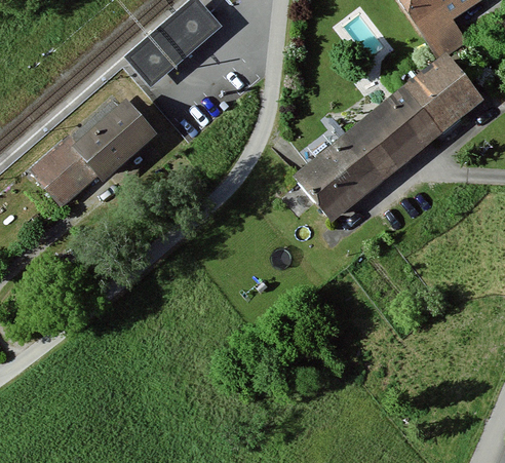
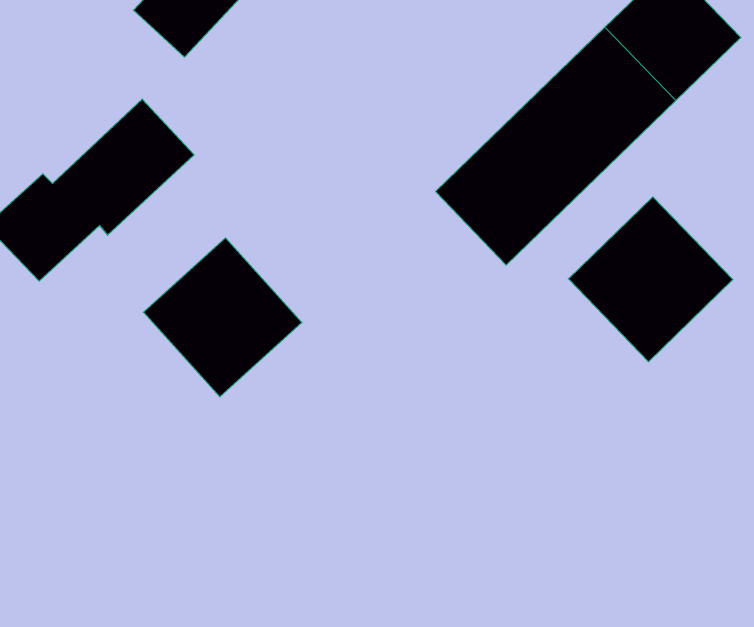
building: none -> [568,197,733,362]
building: none -> [143,238,302,397]

